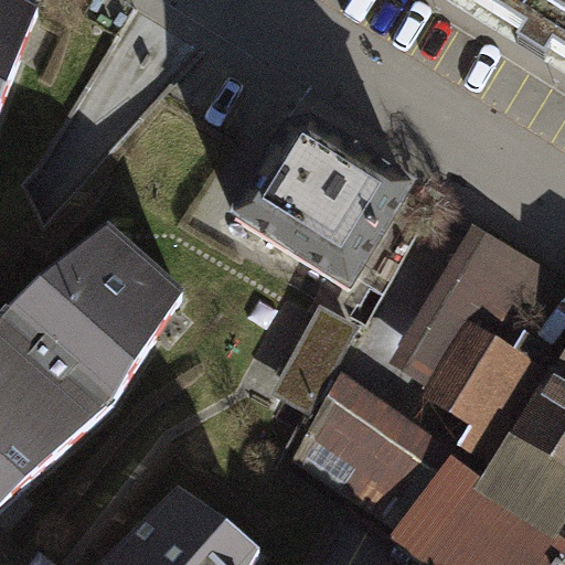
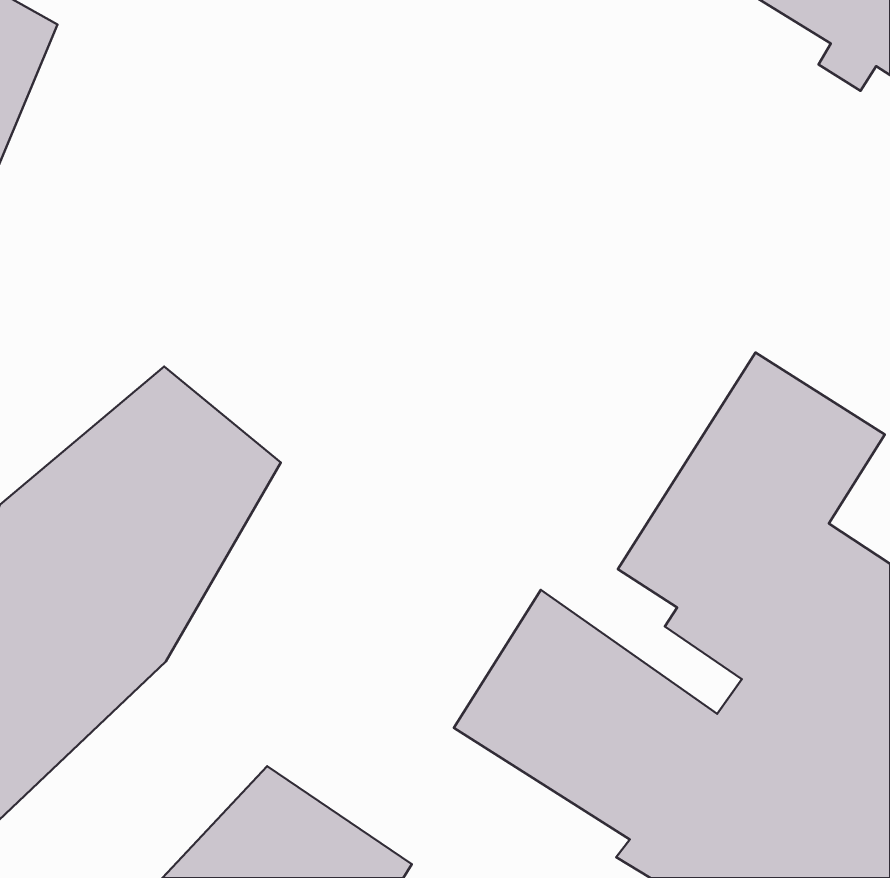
building: [237,127,409,286] -> none
building: [275,306,363,414] -> none

